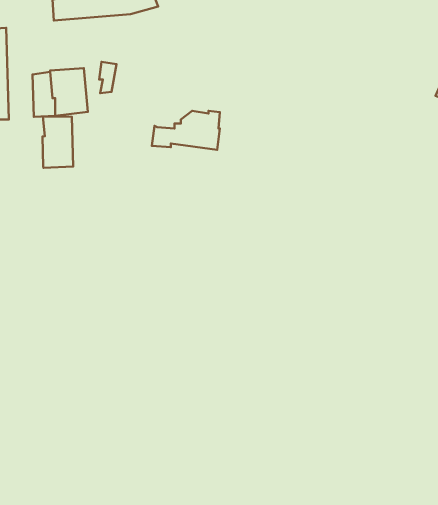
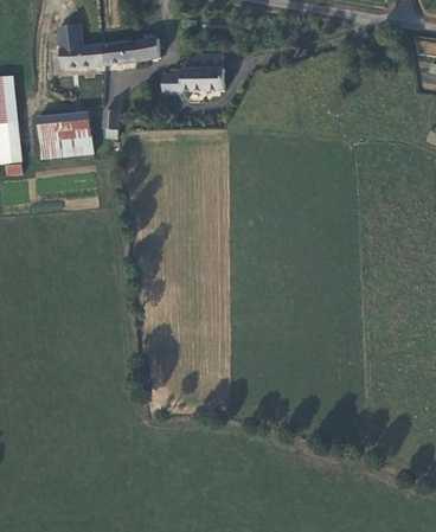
building: [152,111,220,150] -> [156,57,220,94]
building: [43,116,73,168] -> none

